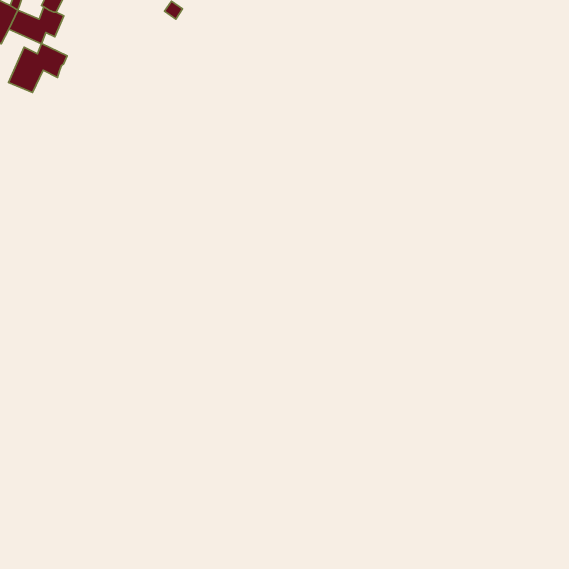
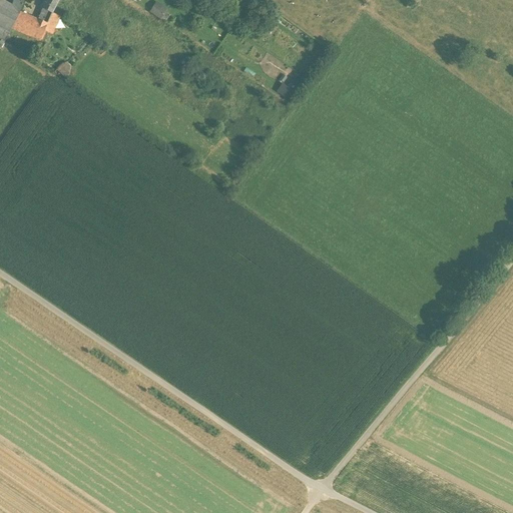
building: [9,44,67,93] -> none

